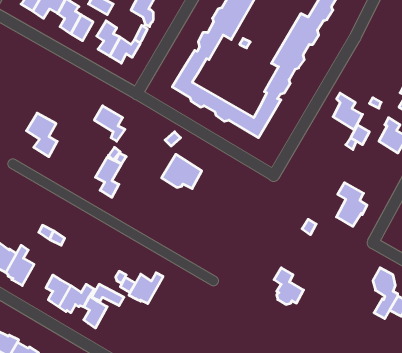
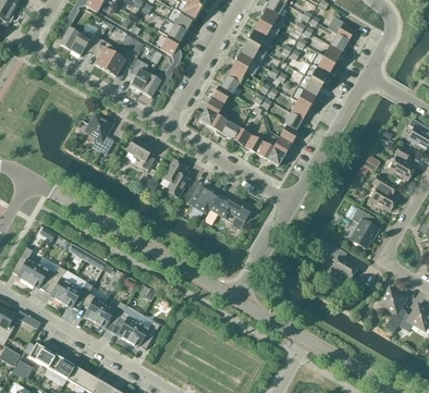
building: [333,93,363,130] -> [369,176,396,210]
building: [26,113,57,157] -> [85,113,113,153]
building: [95,157,121,197] -> [162,159,186,196]
building: none -> [217,193,253,229]
building: none -> [60,274,93,309]
building: [274,268,304,304] -> [329,245,356,279]
building: [129,273,163,304] -> [127,320,159,348]

